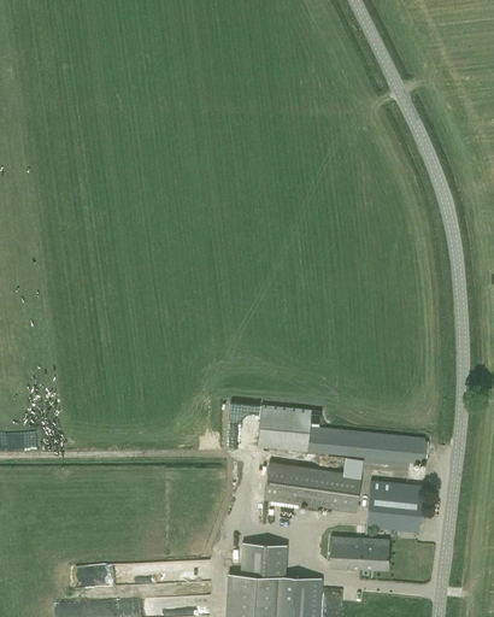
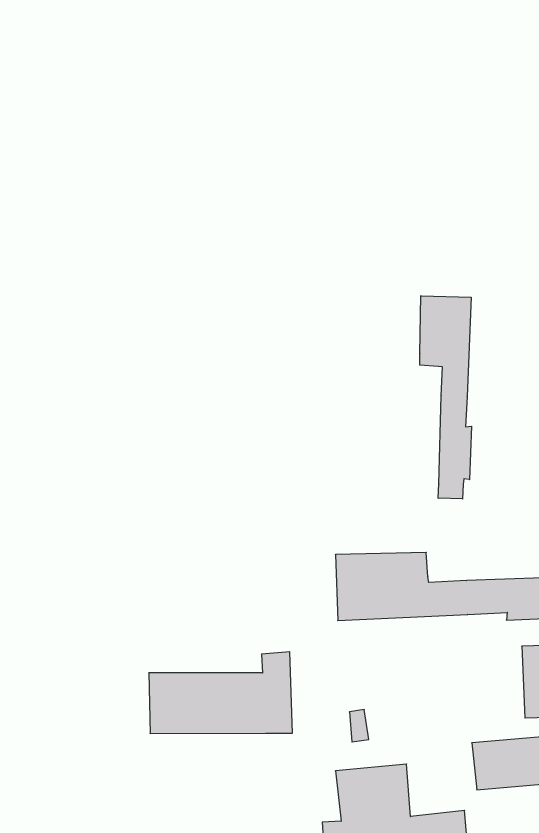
building: none -> [420,296,471,499]
building: [265,460,361,513] -> [149,652,292,733]

